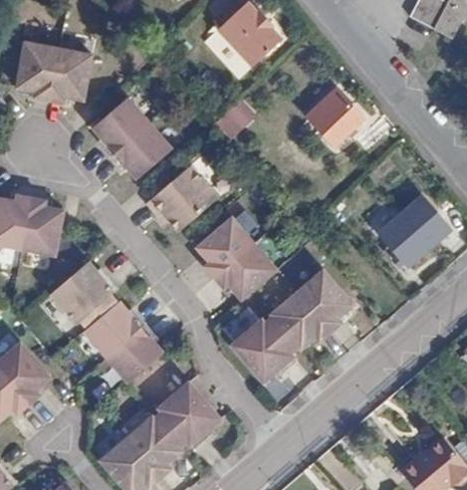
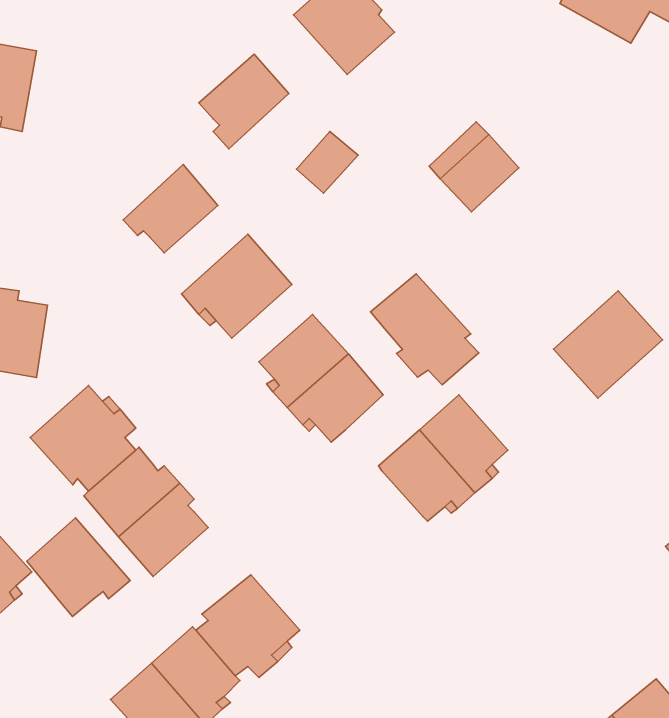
building: [44,47,87,100] -> none
building: [89,94,147,155] -> [199,54,289,149]
building: none -> [370,274,479,385]
building: [232,314,299,380] -> none
building: none -> [27,518,130,617]

